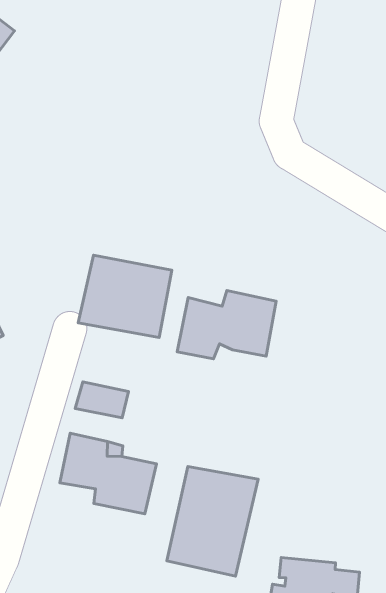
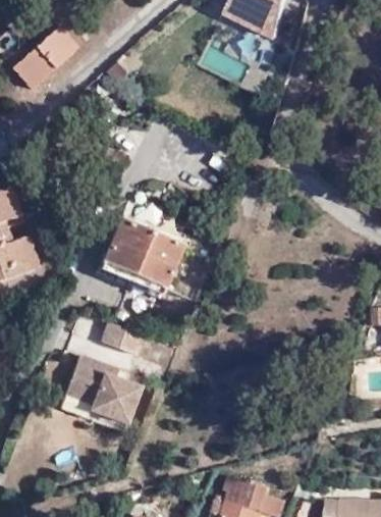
building: [177,290,276,359] -> none
building: [167,466,258,576] -> none

